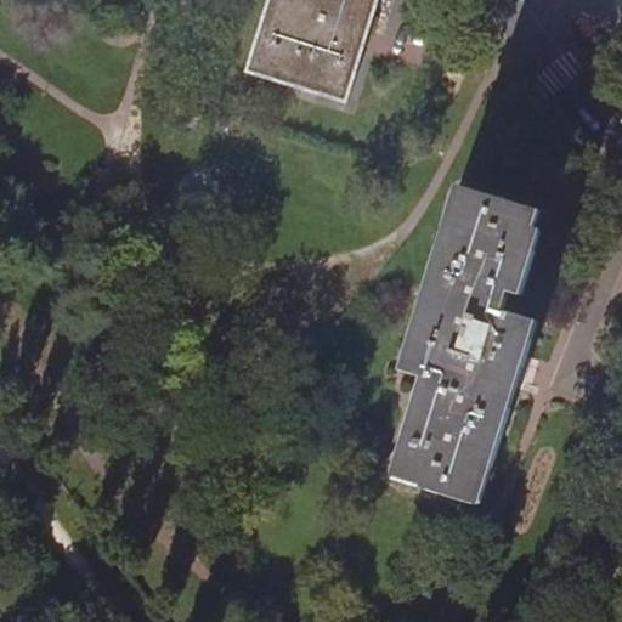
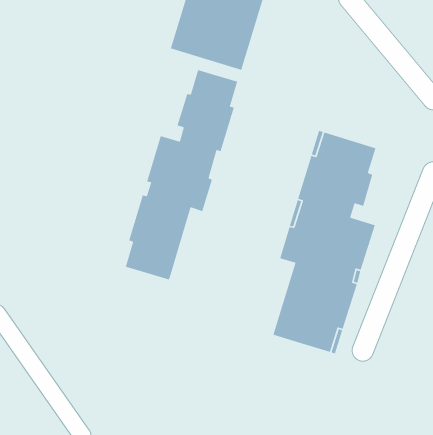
building: none -> [125,69,238,280]

